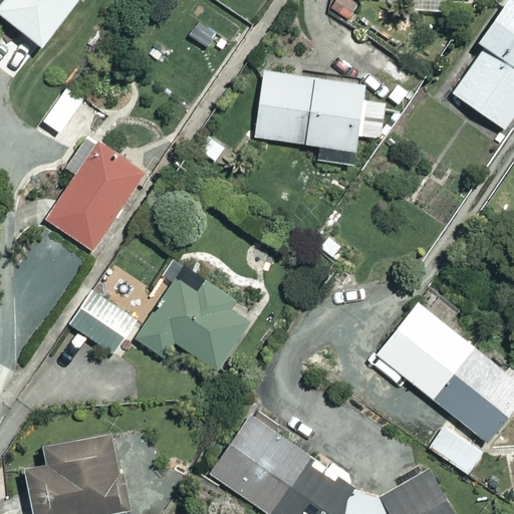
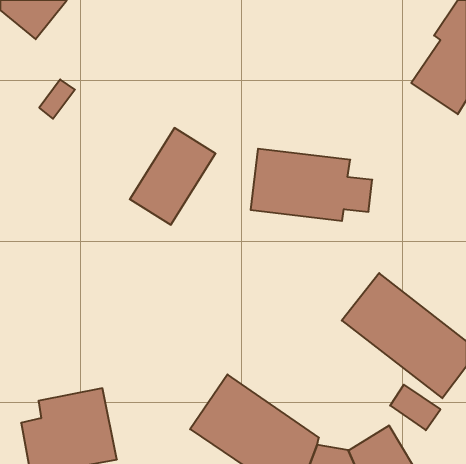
building: [255,71,389,151] -> [251,149,372,221]
building: [48,144,143,250] -> [130,128,216,225]
building: [139,279,255,370] -> none
building: [73,292,135,353] -> none

